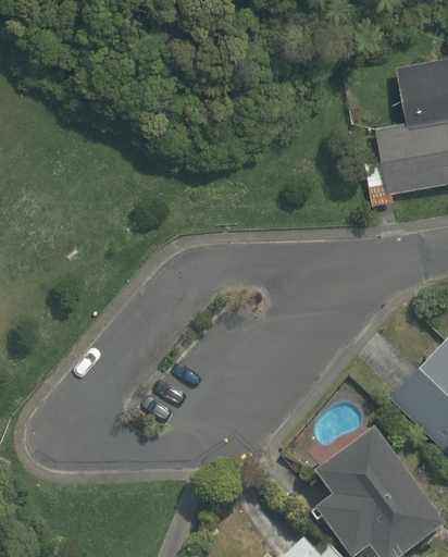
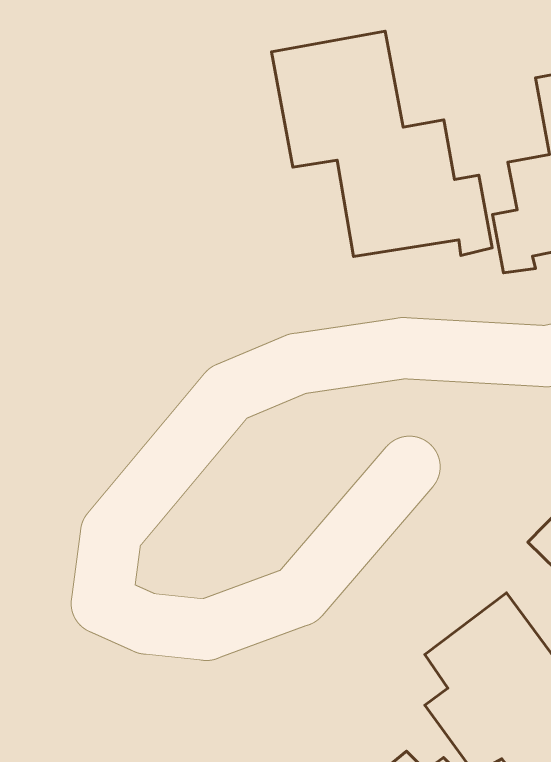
building: none -> [271,31,492,257]

